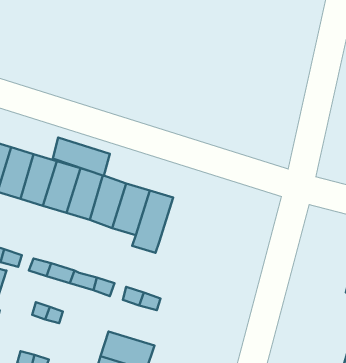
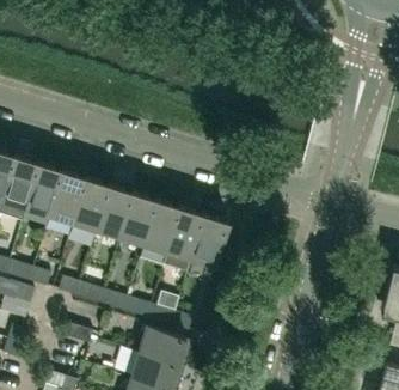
building: [53,138,110,176] -> none
building: none -> [190,215,228,268]
building: none -> [139,327,192,366]

